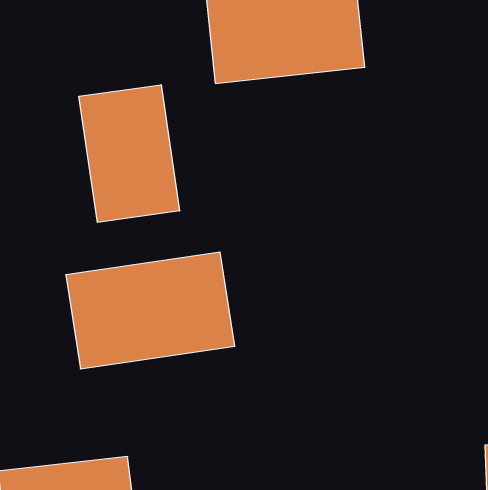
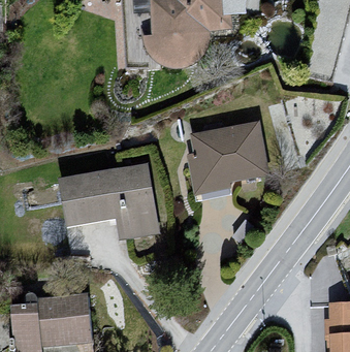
building: [79,85,180,222] -> none
building: none -> [185,115,274,195]

